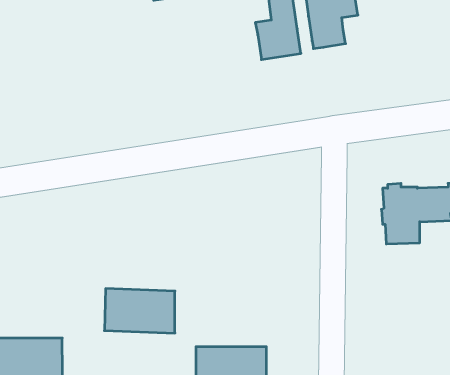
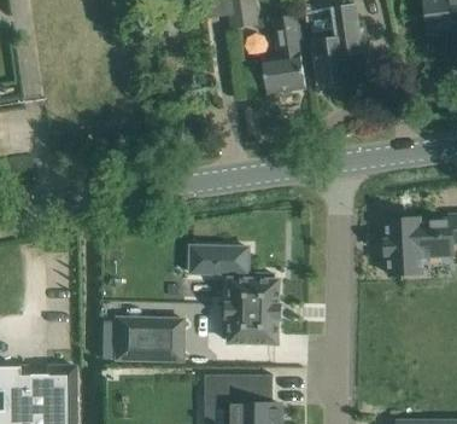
building: none -> [189,246,280,343]

